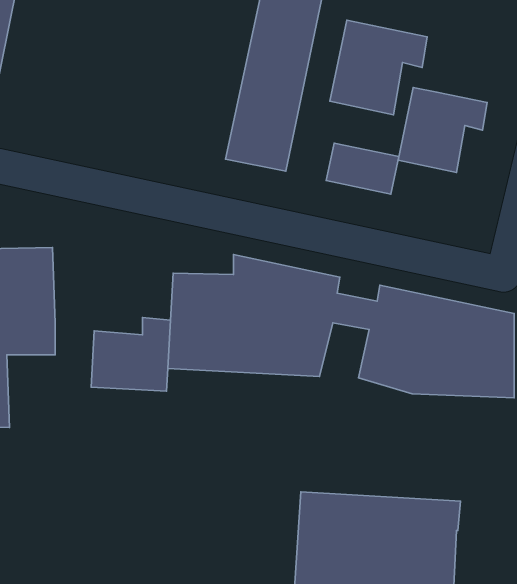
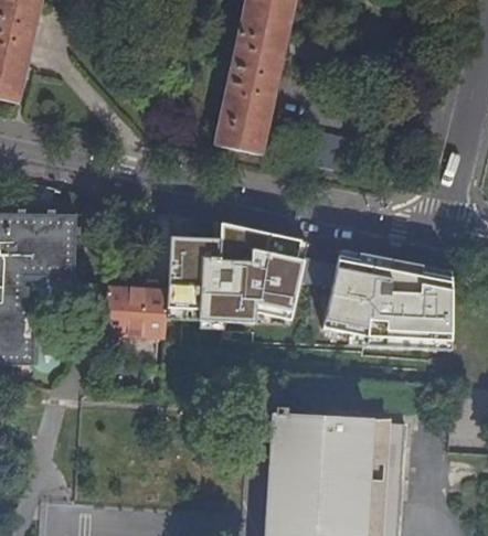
building: [330,20,427,115] -> none
building: [398,87,487,173] -> none

